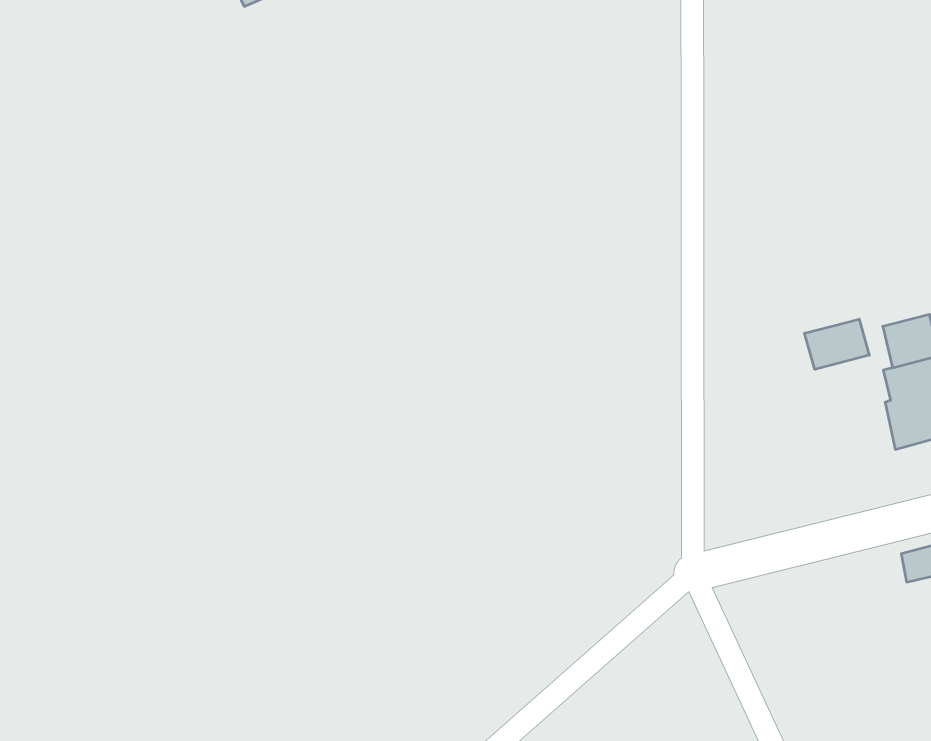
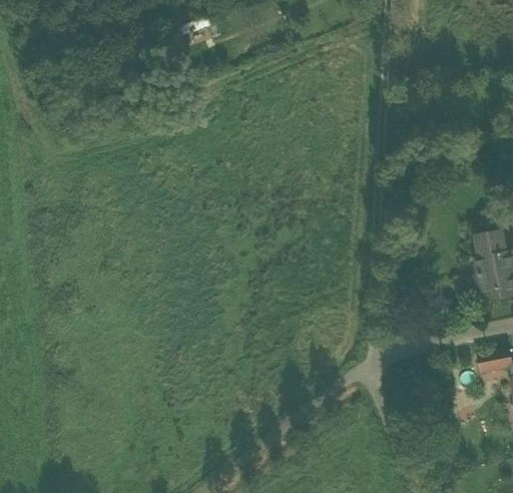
building: [805,319,869,369] -> none

